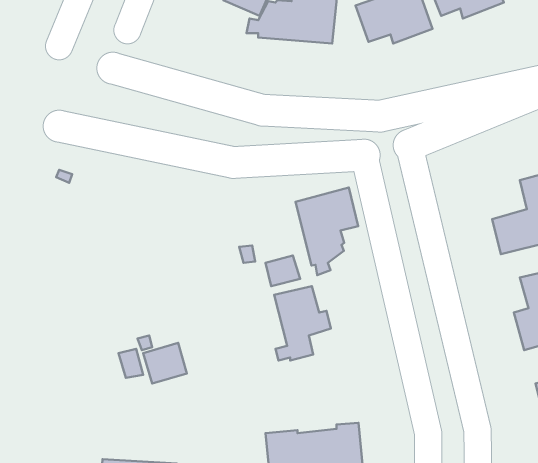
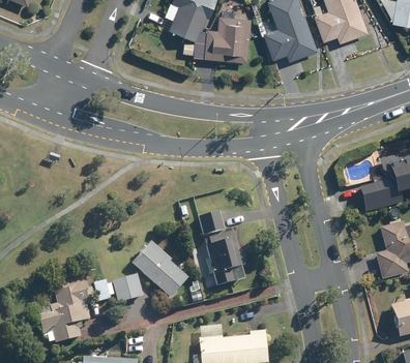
building: [296,187,358,275] -> none
building: none -> [130,242,185,298]
building: none -> [35,276,90,342]

